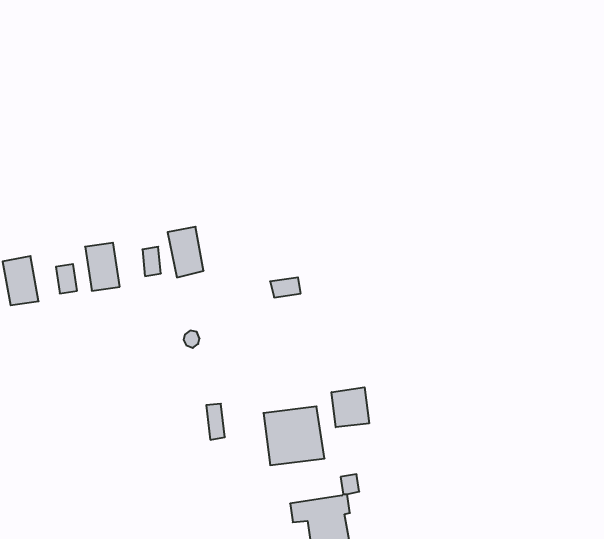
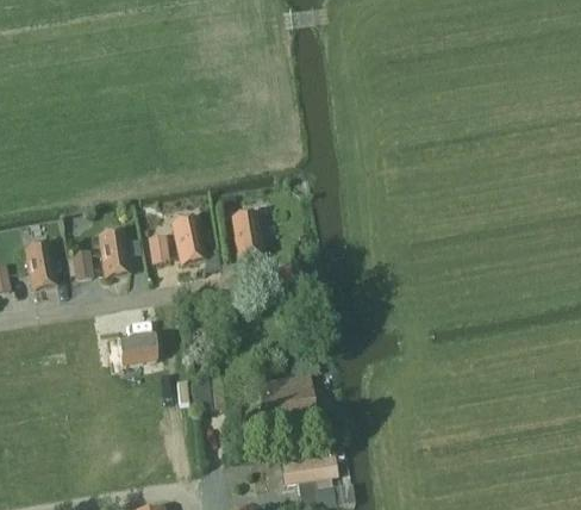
building: none -> [232,211,264,255]
building: none -> [119,332,160,363]
building: [332,387,369,427] -> none

